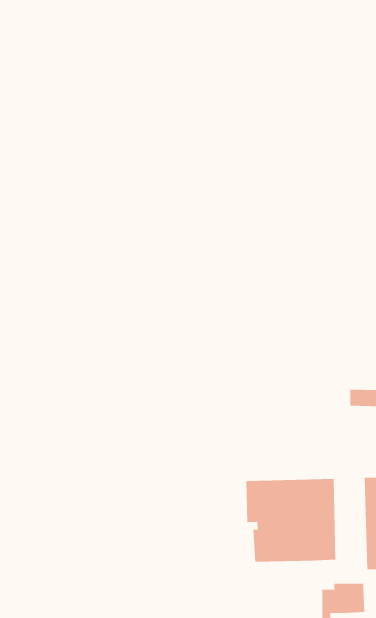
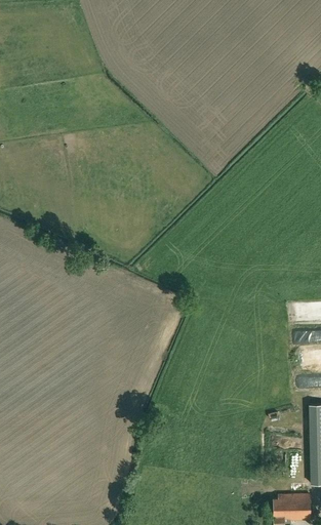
building: [246,478,336,563] -> none

